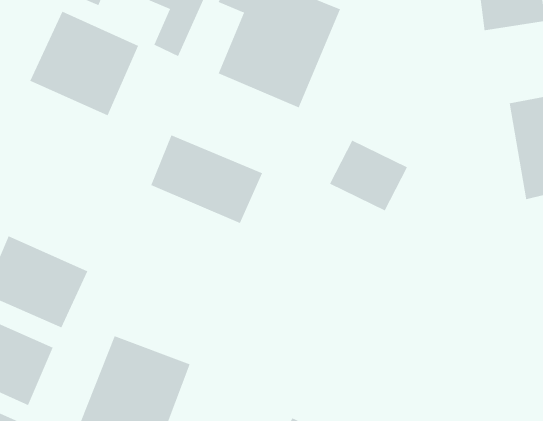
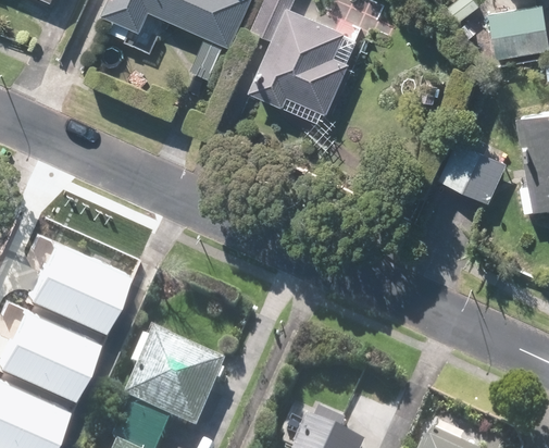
building: [30,11,139,116] -> none
building: [150,134,263,224] -> none
building: [329,140,408,211] -> [433,138,504,203]

